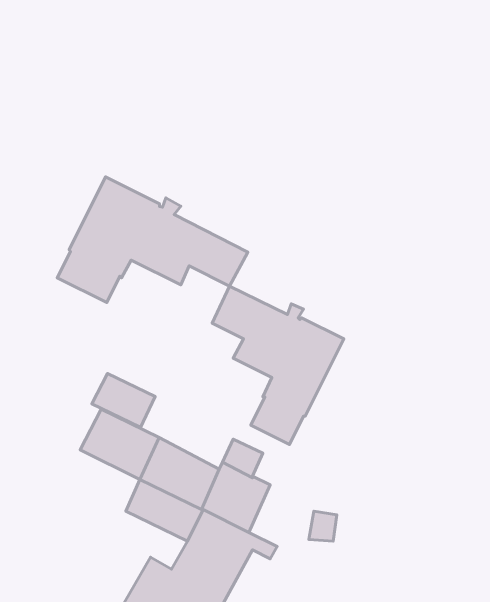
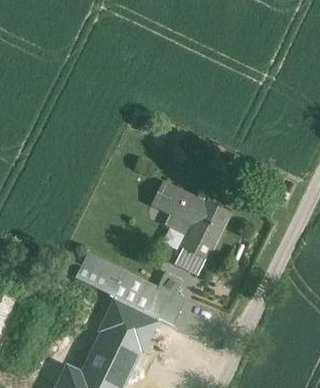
building: [57,177,248,303] -> none
building: [92,374,155,428] -> none

